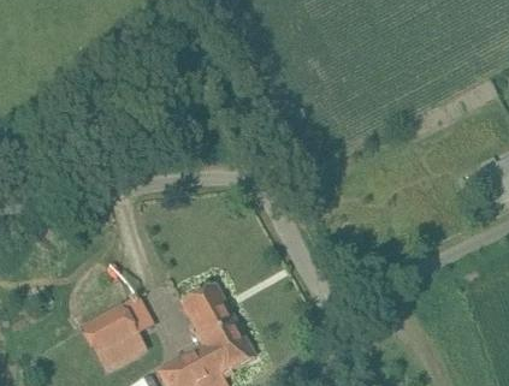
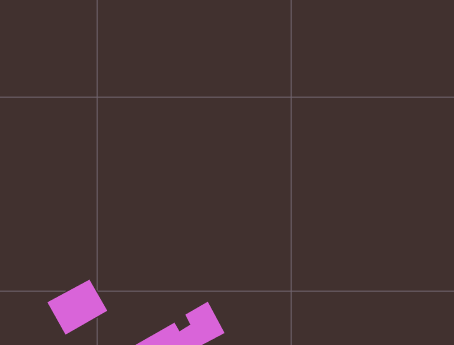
building: [183,284,239,354] -> none

